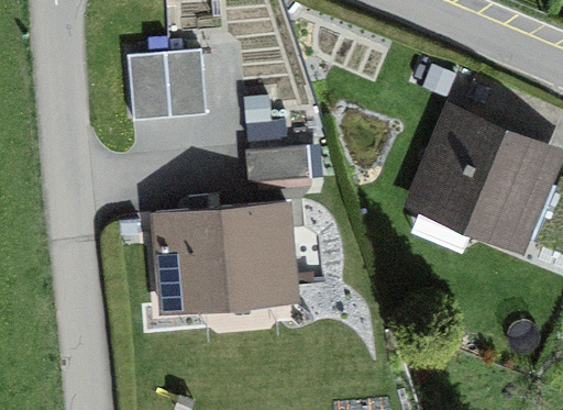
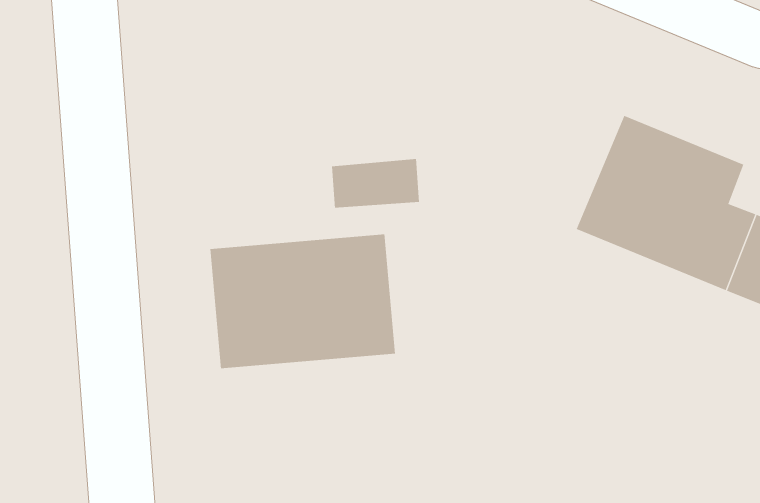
building: [126,49,206,121] -> none

